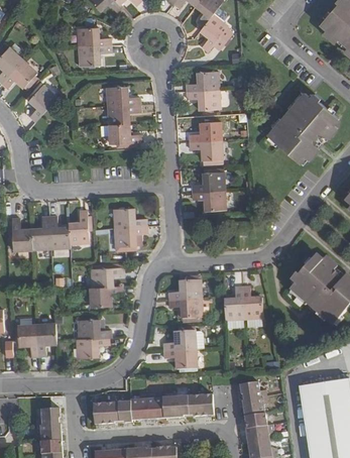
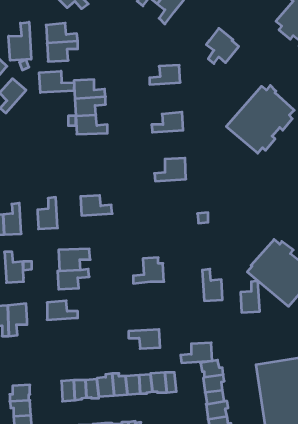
building: [199,14,233,51] -> [206,28,239,64]
building: none -> [9,22,31,60]
building: none -> [39,71,74,93]
building: [186,89,219,110] -> none
building: [189,139,222,164] -> none
building: [192,191,225,210] -> none
building: [48,216,69,248] -> [4,252,24,283]
building: [114,227,146,251] -> none
building: [223,287,243,320] -> [241,281,260,312]
building: [168,299,202,321] -> none
building: [162,330,196,351] -> [181,343,212,363]
building: [76,337,108,358] -> none

